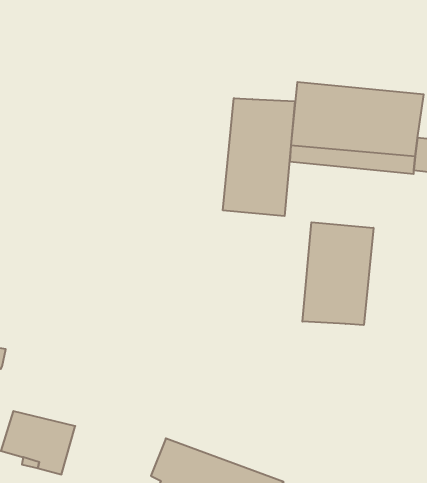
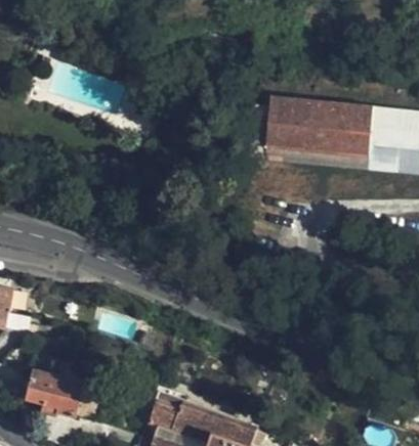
building: [223,98,295,216] -> none
building: [302,222,373,325] -> none

